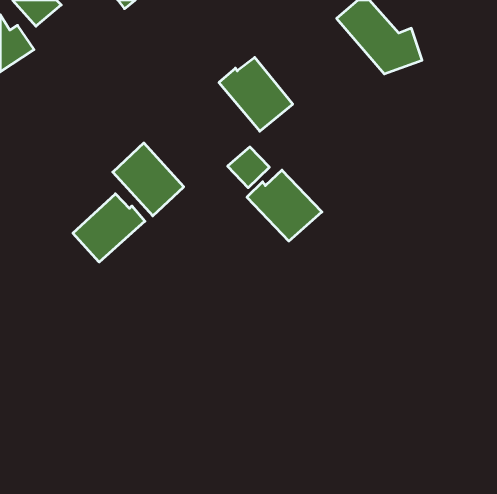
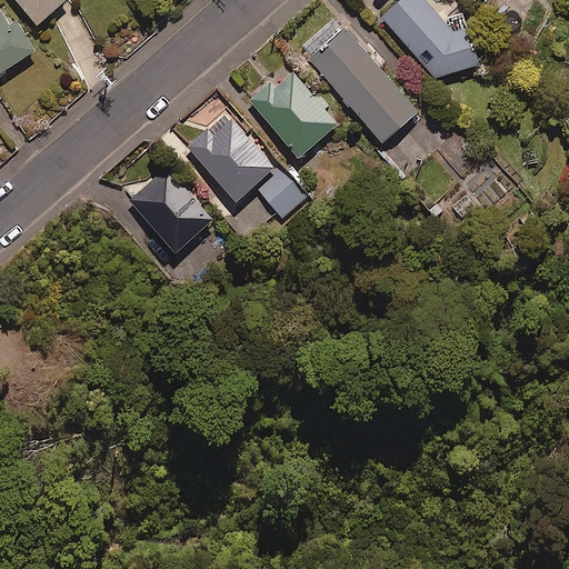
building: none -> [305,17,416,139]
building: [247,170,322,241] -> [187,116,272,197]
building: [73,194,145,262] -> none

